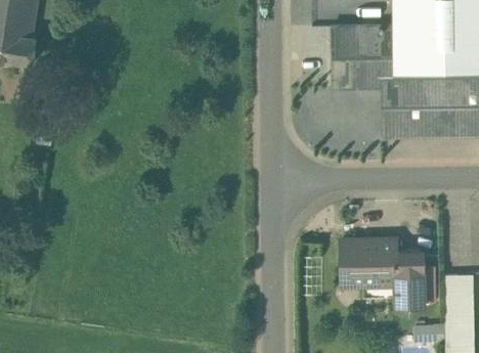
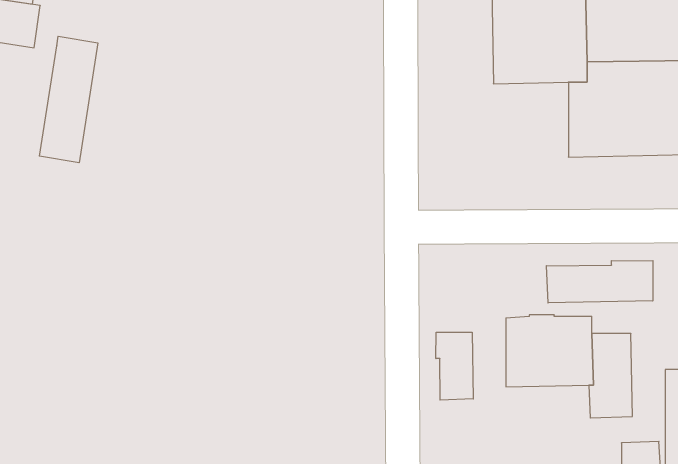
building: none -> [39,36,98,163]
building: none -> [546,261,653,303]
building: none -> [436,332,473,400]

